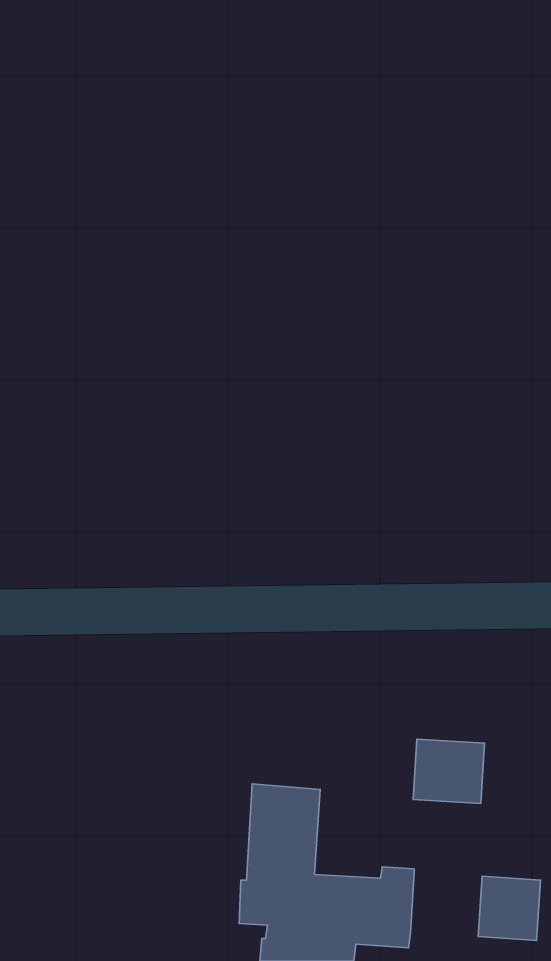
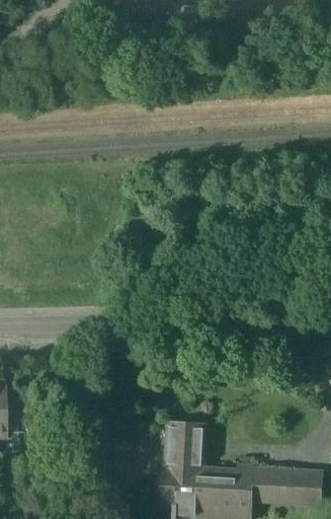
building: [413,739,485,803] -> [251,469,289,504]

